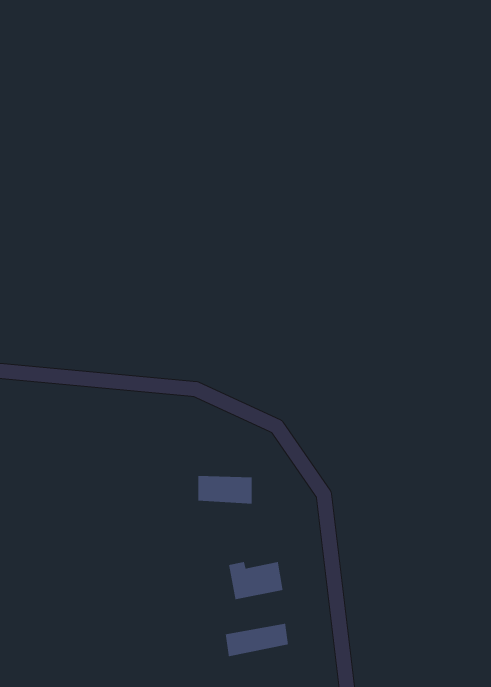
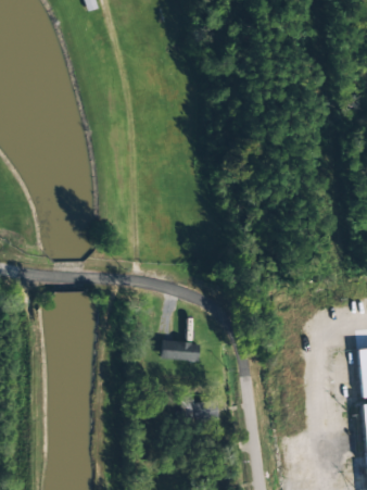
building: [225,623,289,657] -> none

